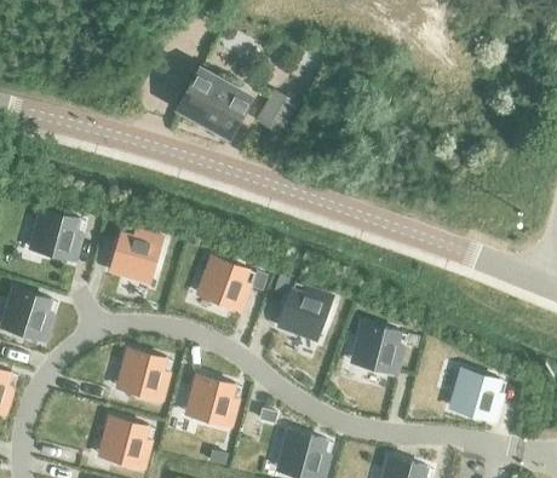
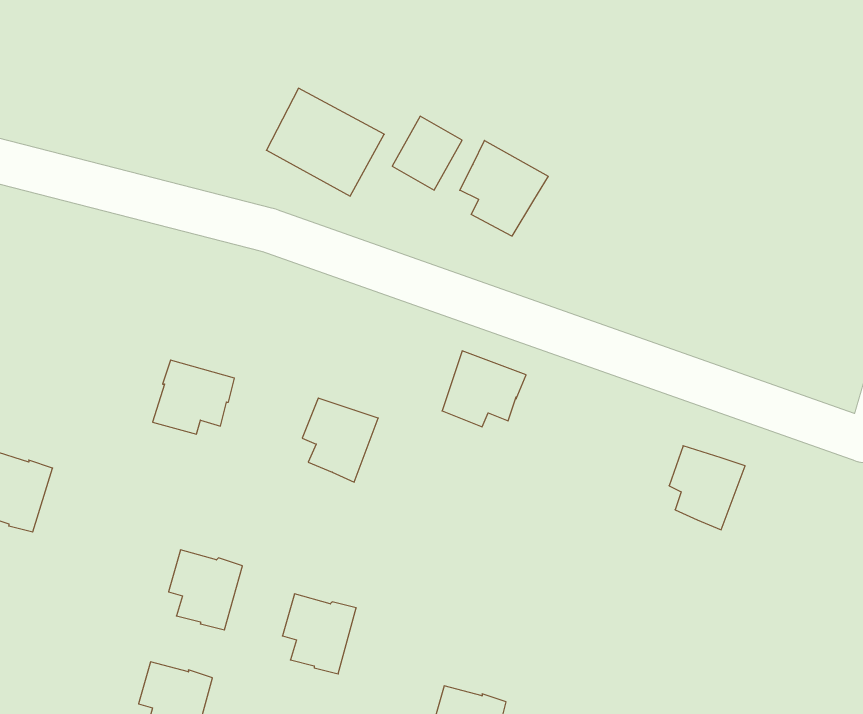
building: none -> [460,140,548,236]
building: [33,211,77,259] -> none
building: [278,290,329,336] -> [442,351,526,427]
building: [357,322,403,373] -> [669,446,745,530]
building: [453,370,498,420] -> none

